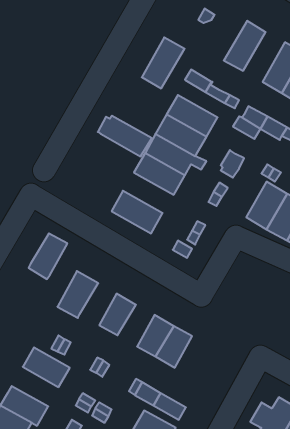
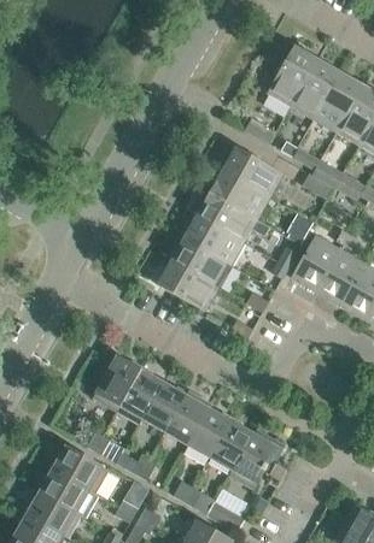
building: none -> [314,72,363,131]
building: [142,37,185,88] -> [268,46,319,106]
building: [98,116,152,156] -> [168,238,232,287]
building: none -> [292,235,341,291]
building: [29,233,67,279] -> [118,370,164,424]
building: none -> [165,391,211,444]
building: none -> [229,432,277,489]
building: none -> [40,468,100,518]

